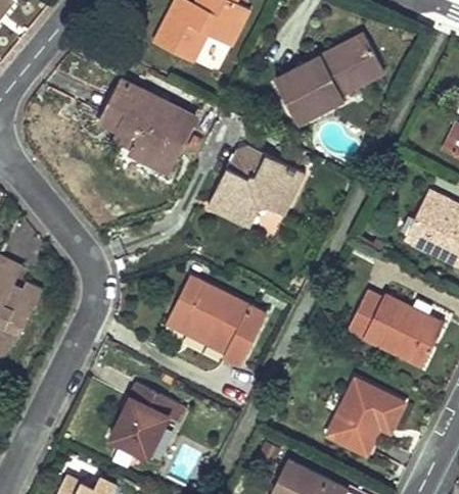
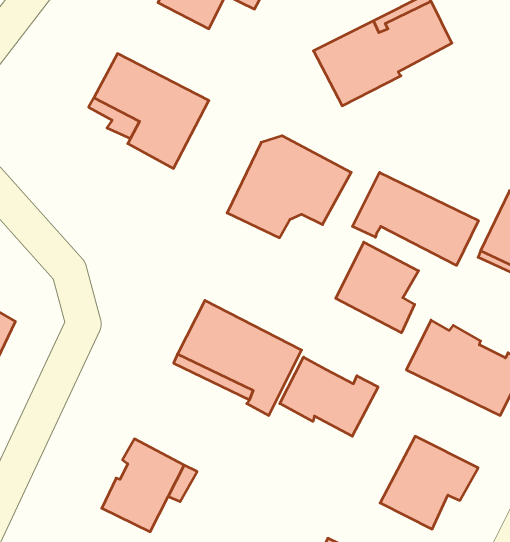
building: none -> [352,172,478,265]
building: none -> [336,242,419,333]
building: none -> [280,357,378,436]

